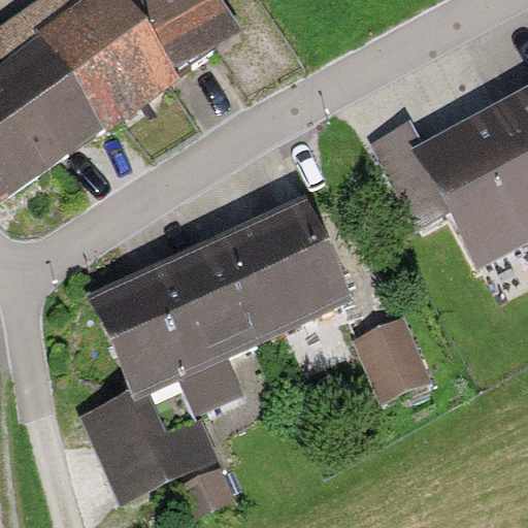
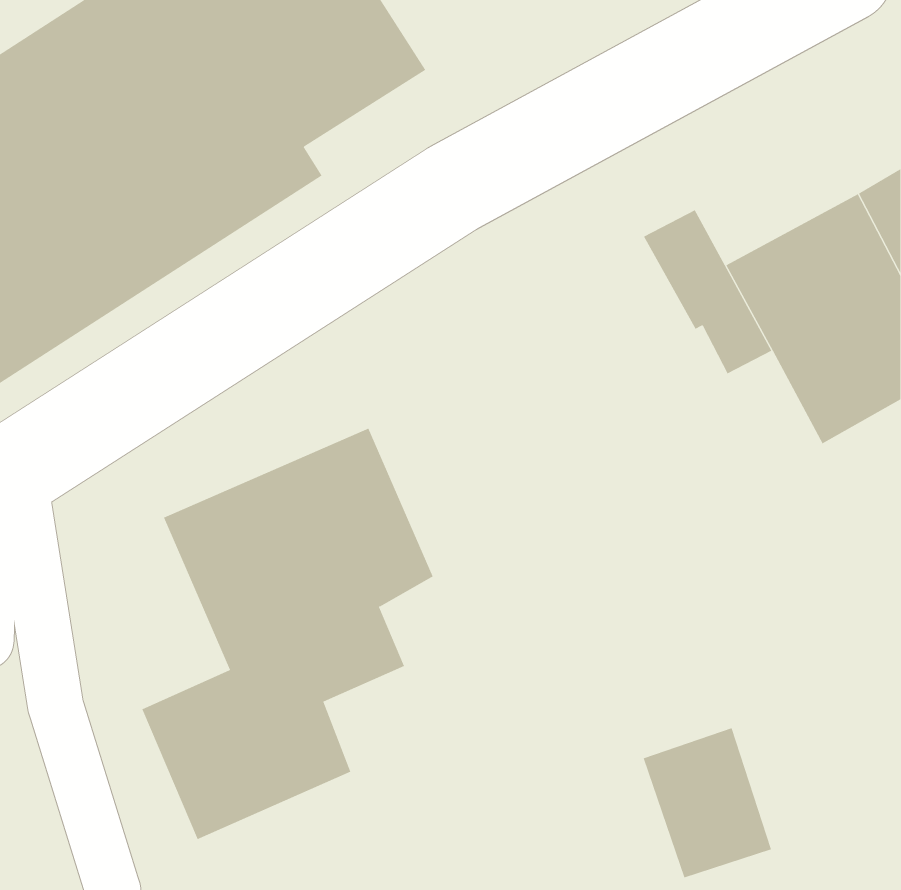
building: [212,206,340,332] -> none
building: [354,304,428,391] -> [643,728,772,878]

